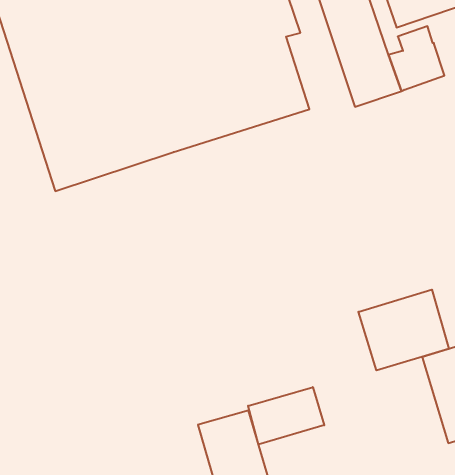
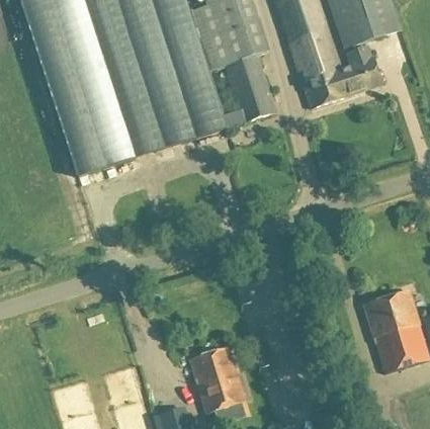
building: [358,290,449,370] -> none
building: [248,387,324,444] -> none

